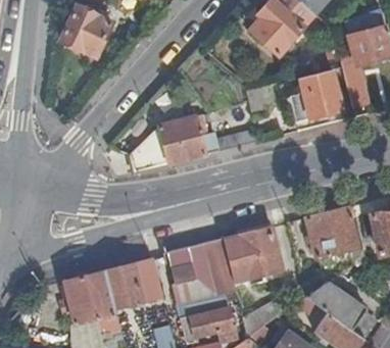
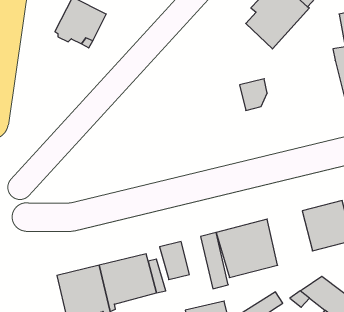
building: [289,70,341,120] -> none
building: [131,116,257,171] -> none
building: [176,243,220,305] -> none

